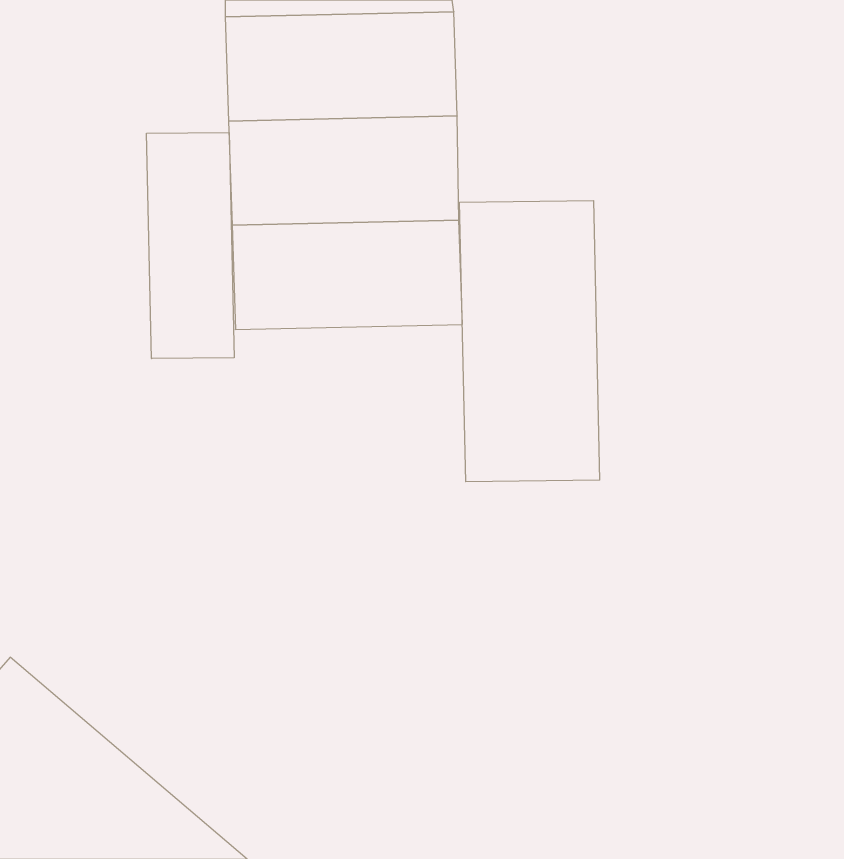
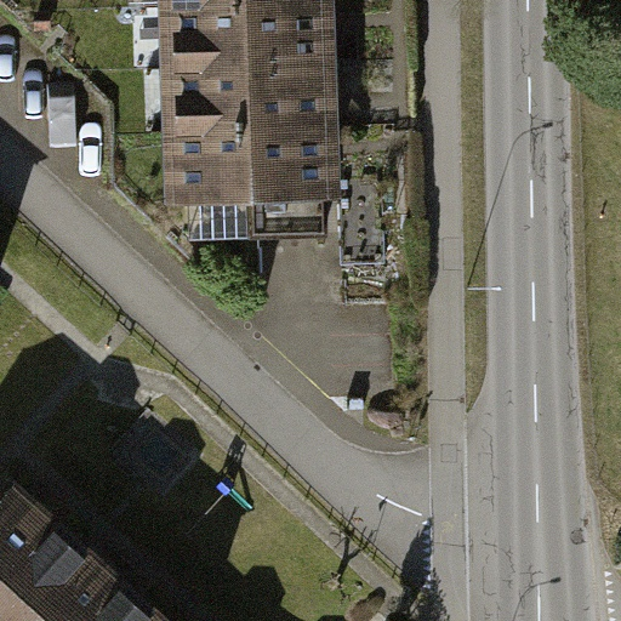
building: [147,132,234,359] -> none
building: [460,201,600,482] -> none

